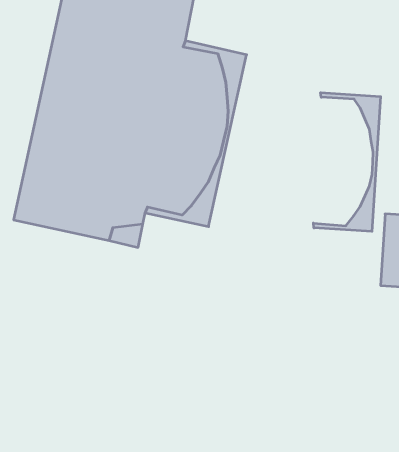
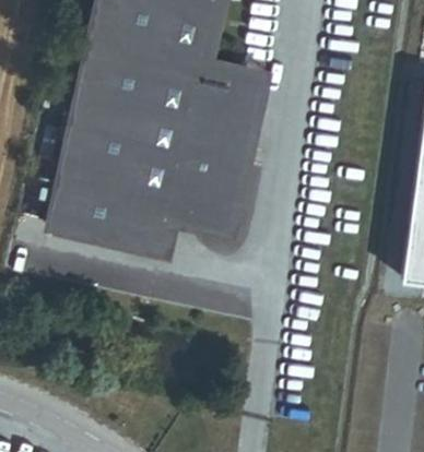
building: [313,93,381,231] -> none

